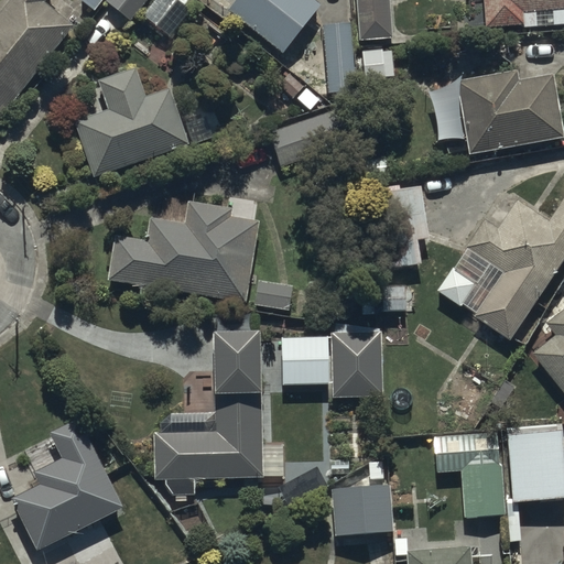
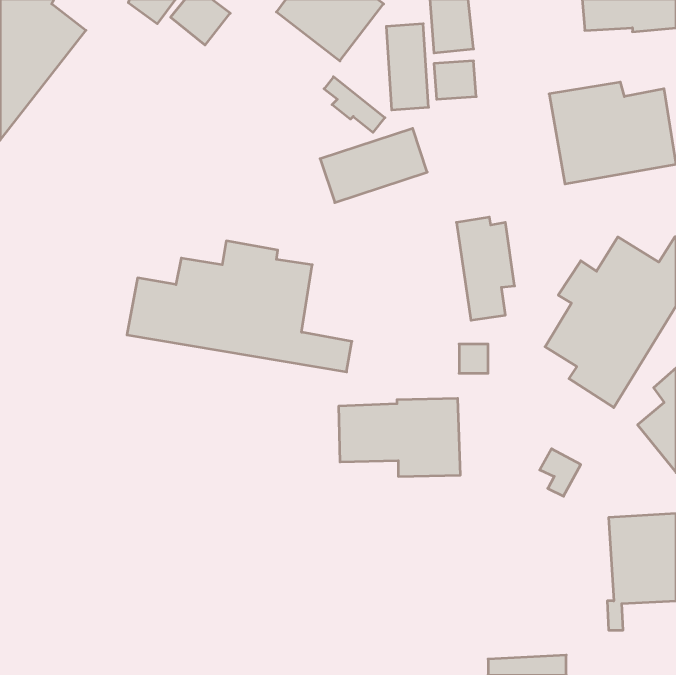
building: [74,66,210,177] -> none
building: [153,330,263,495] -> none
building: [13,417,122,547] -> none
building: [434,434,503,516] -> none
building: [332,466,392,534] -> none

